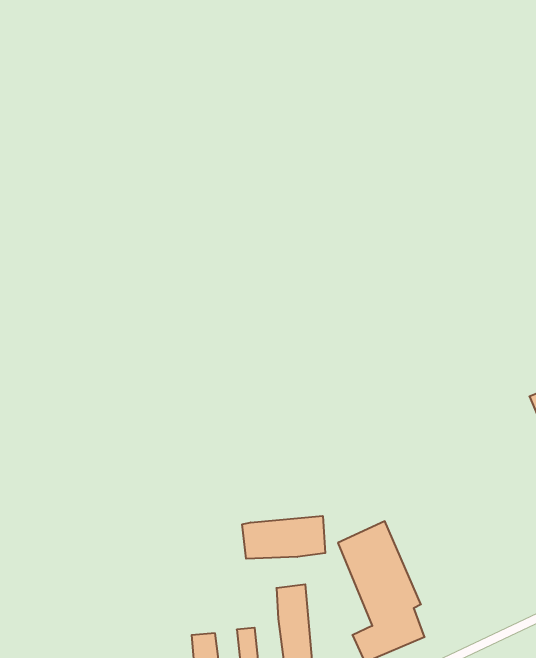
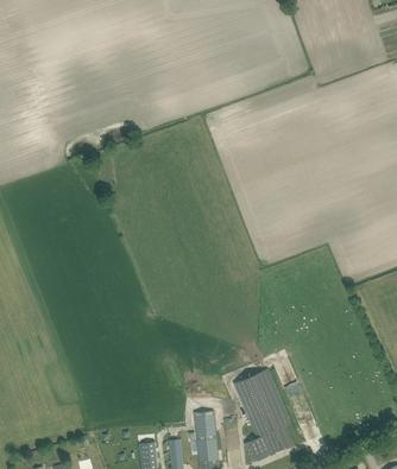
building: [242,516,325,559] -> none

